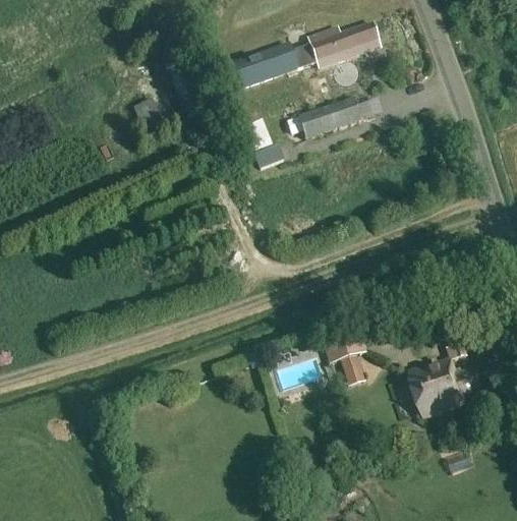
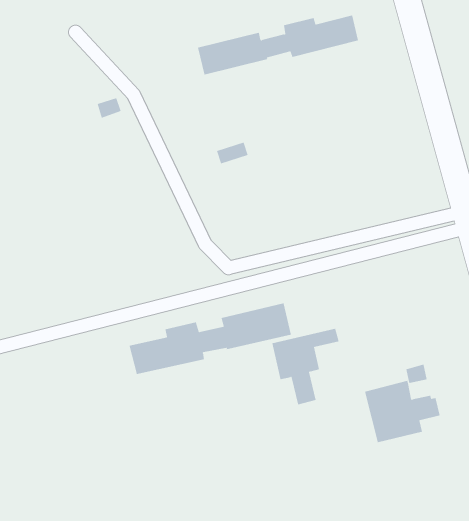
building: [298,98,360,137] -> none
building: none -> [129,303,292,375]

